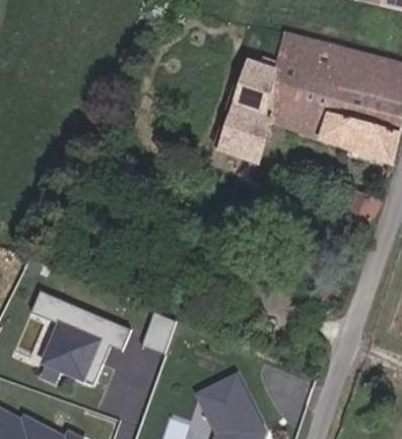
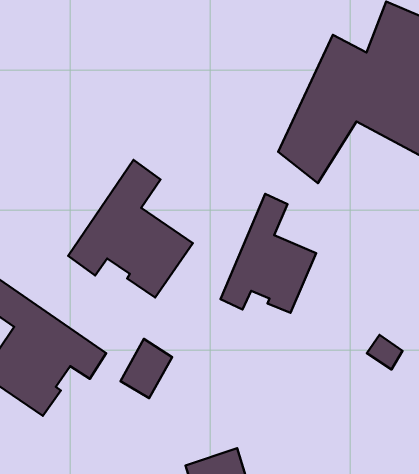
building: none -> [68,160,193,297]
building: none -> [221,194,316,313]

